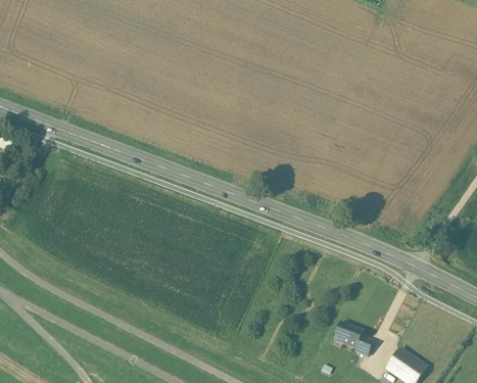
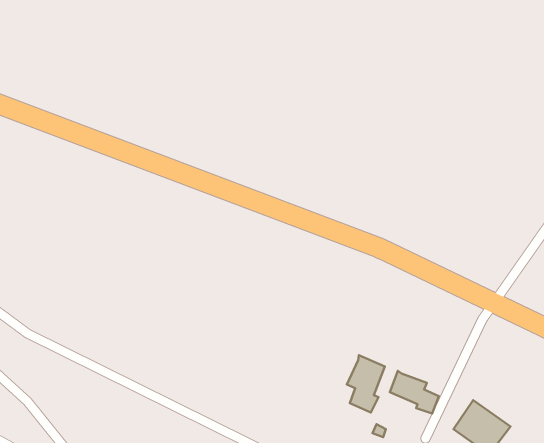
building: none -> [347,355,385,412]

